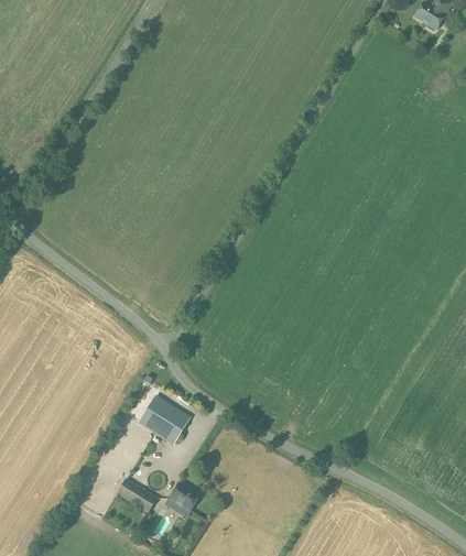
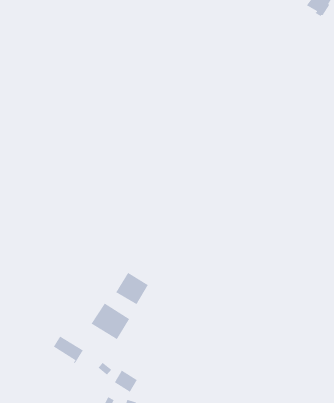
building: none -> [115,272,149,305]
building: [117,478,156,514] -> [53,336,84,364]

